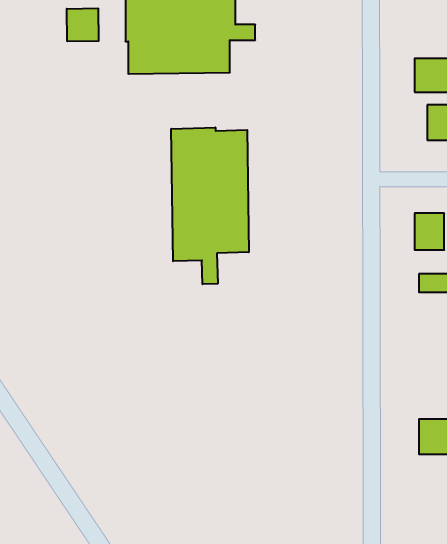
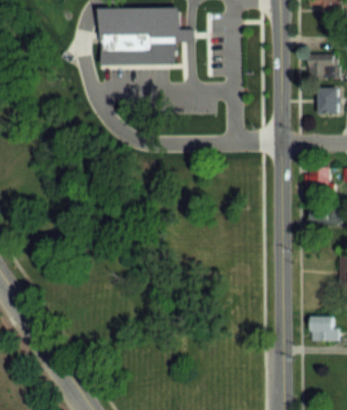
building: [67,8,99,41] -> none
building: [171,127,249,284] -> none

